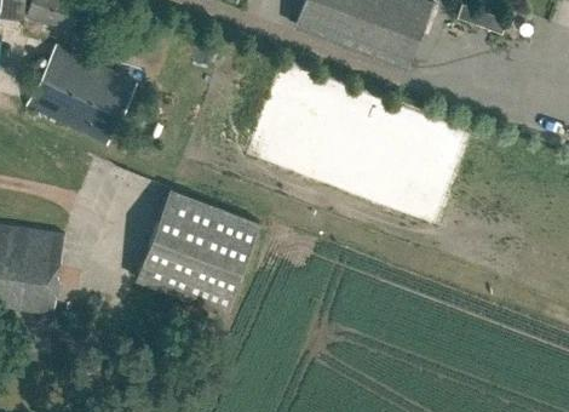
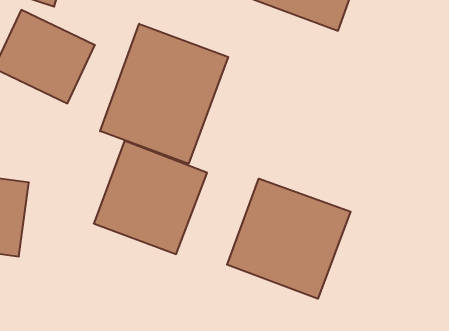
building: none -> [100,24,228,164]
building: none -> [227,179,351,299]

